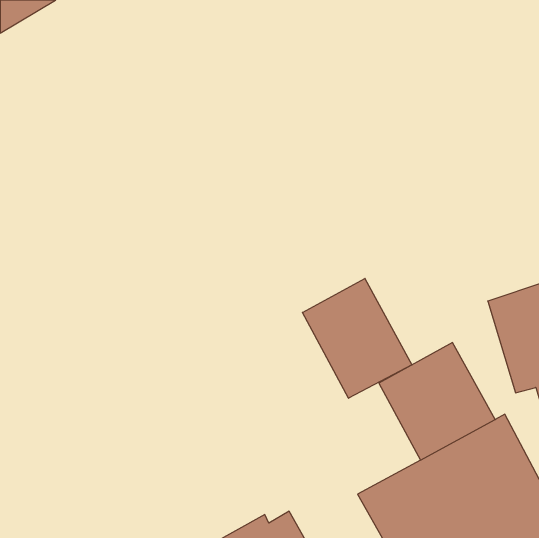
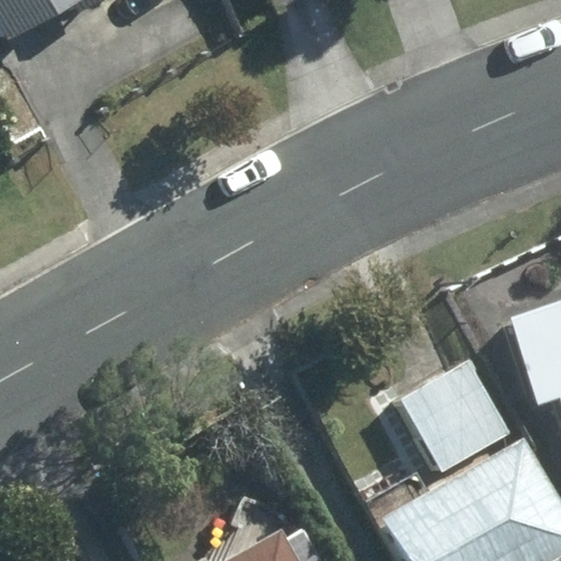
building: [302,278,412,398] -> none

